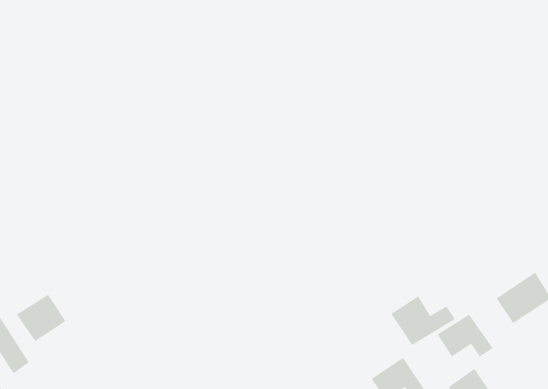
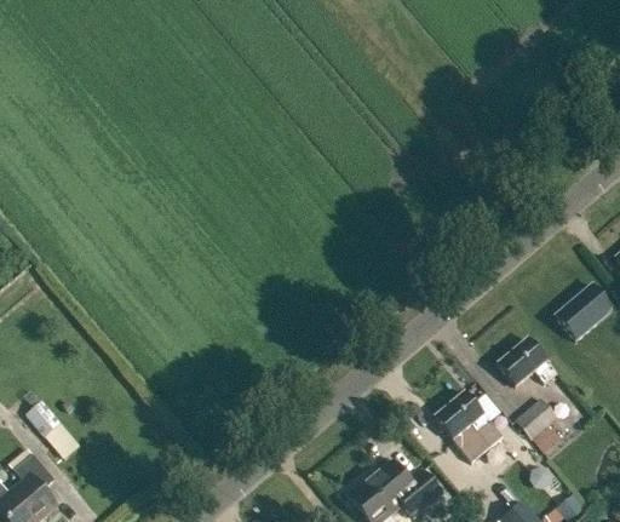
building: [16,294,66,342] -> none
building: [390,296,456,346] -> none

